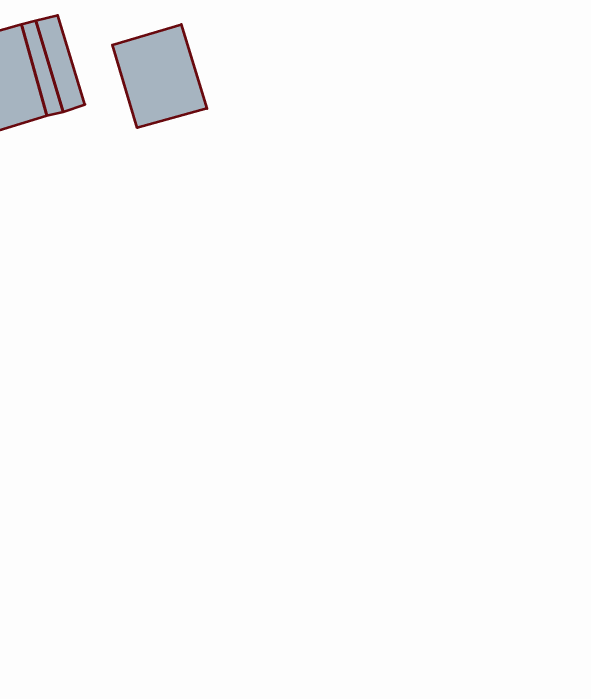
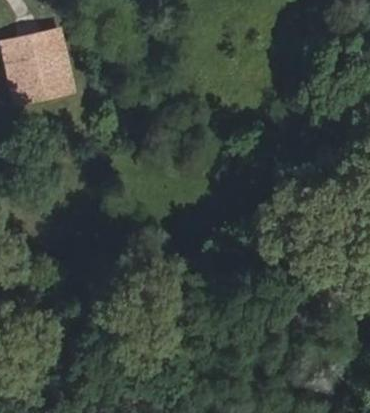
building: [112,24,207,128] -> none

